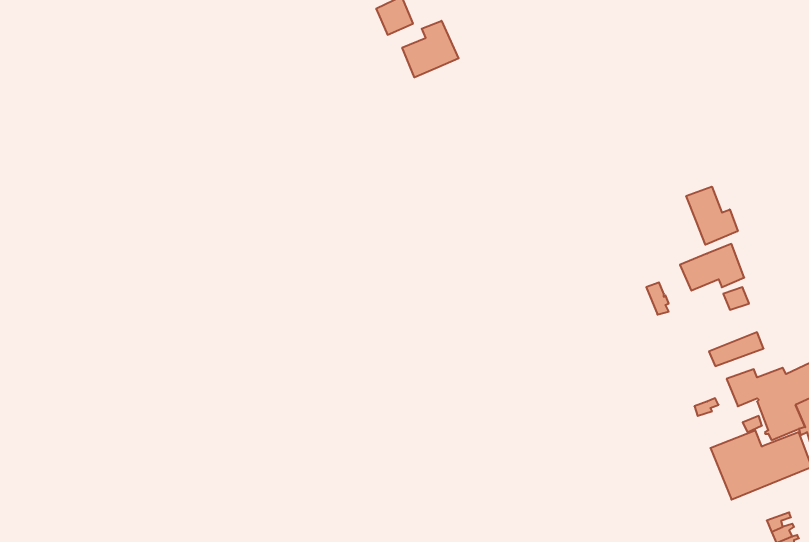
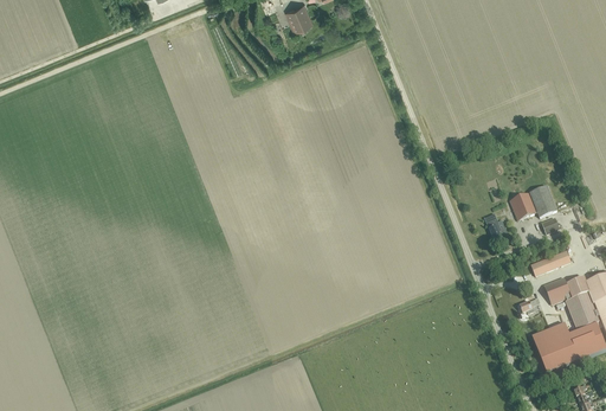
building: [402,21,459,77] -> none
building: [686,187,738,245] -> none

